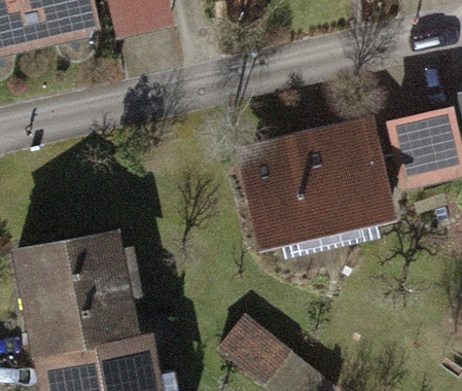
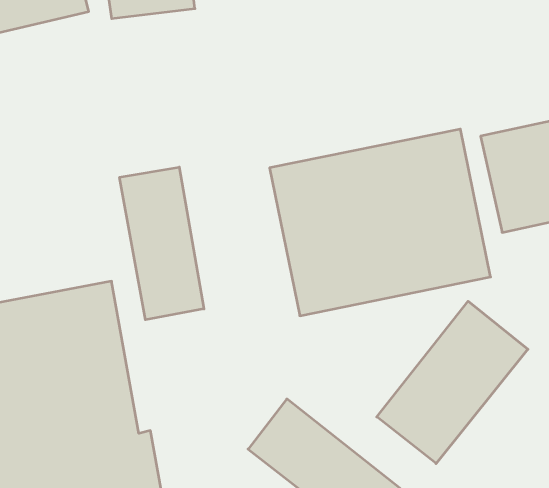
building: none -> [120,167,204,320]
building: none -> [377,301,528,464]

